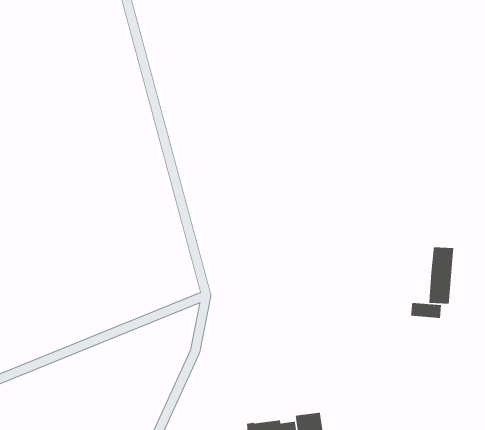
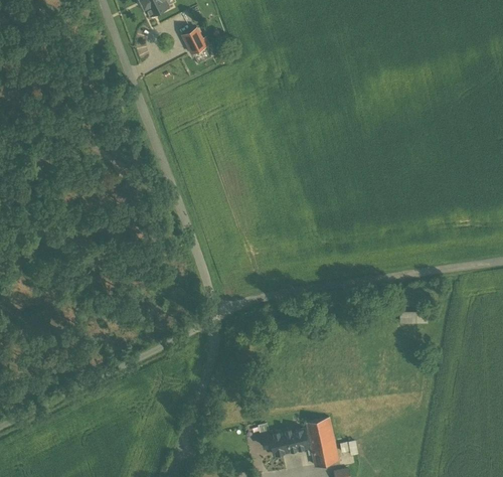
building: [428,247,454,305] -> none

